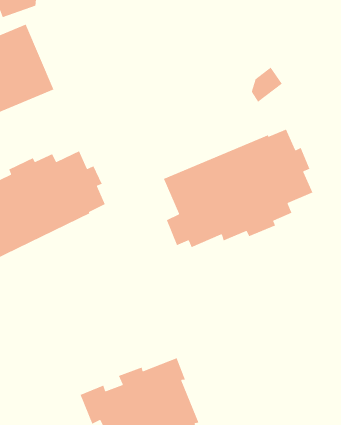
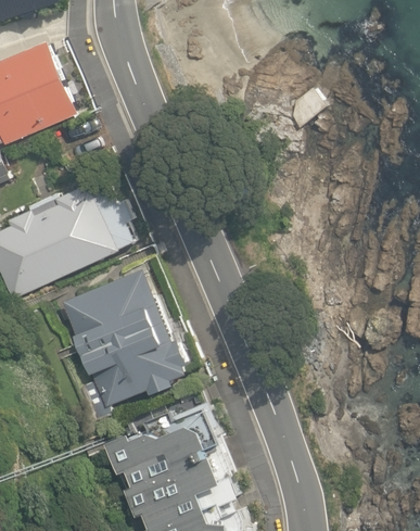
building: [163,129,313,248] -> none
building: none -> [59,268,198,425]

